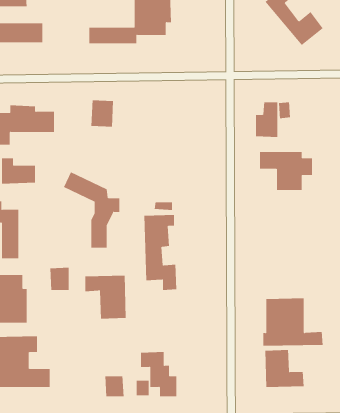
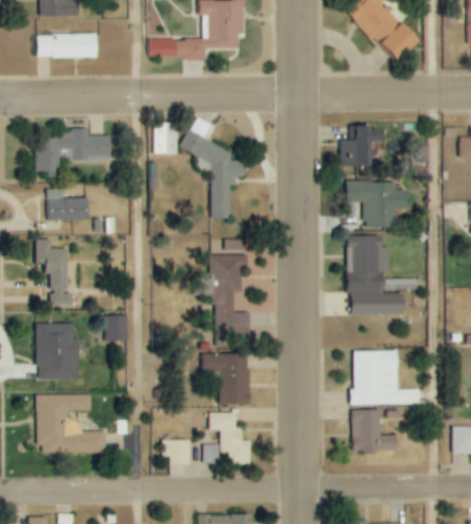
building: [63,171,120,248] -> [179,129,245,218]
building: none -> [350,235,404,315]
building: [84,275,127,319] -> [202,353,251,404]

